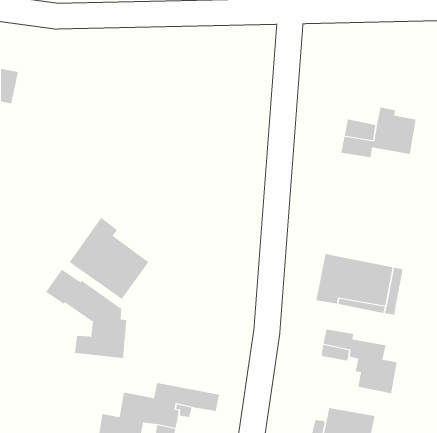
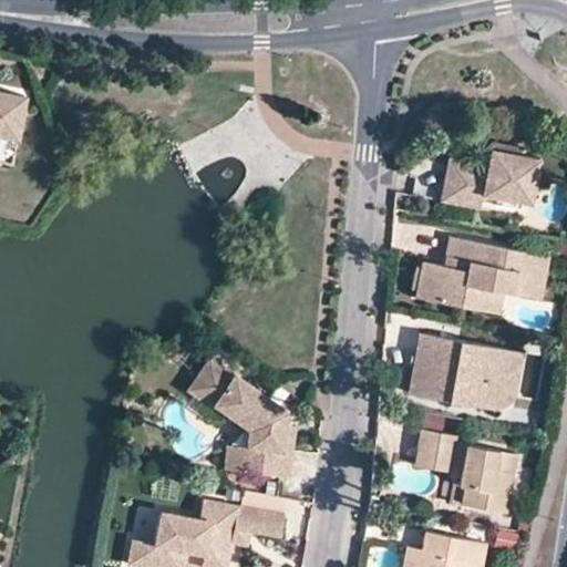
building: none -> [415,238,548,310]
building: [69,217,149,300] -> none
building: [45,269,127,358] -> [187,361,293,477]

